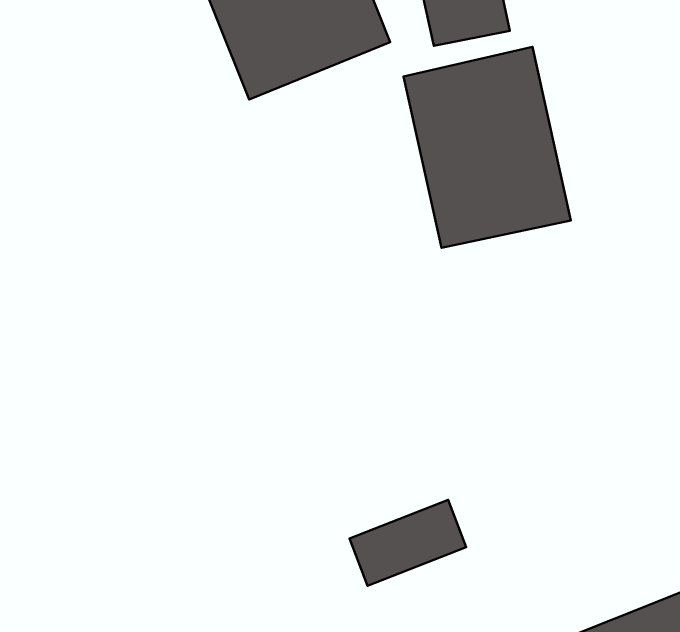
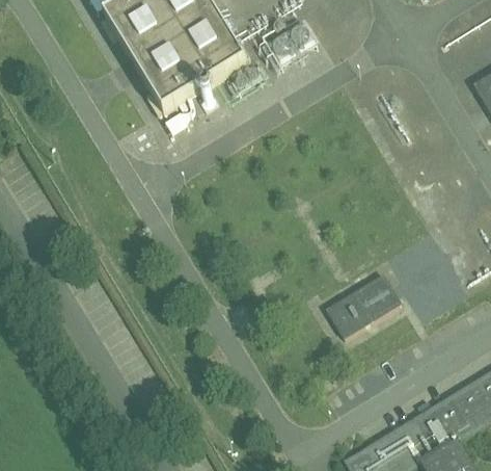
building: [403,47,571,248] -> none
building: [350,500,466,586] -> [332,281,404,341]

